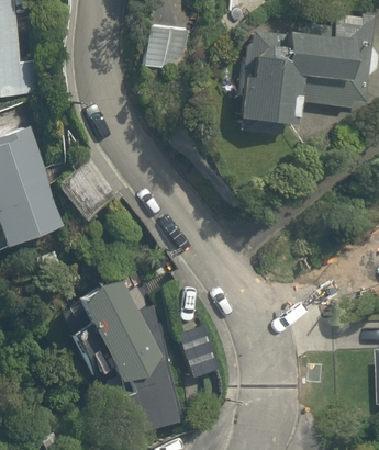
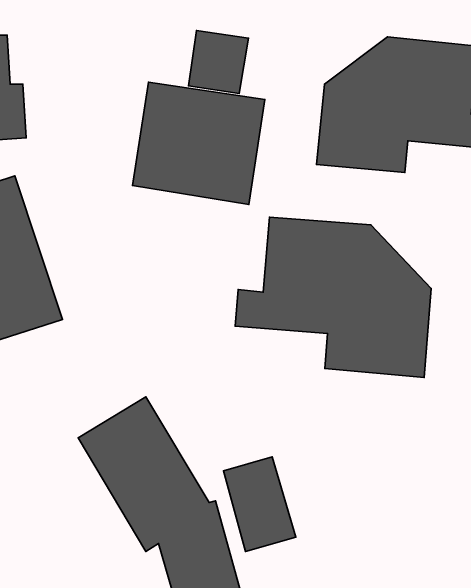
building: none -> [133,82,265,204]
building: none -> [235,217,431,377]

